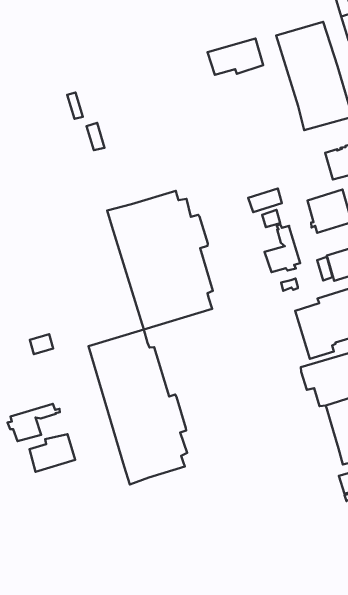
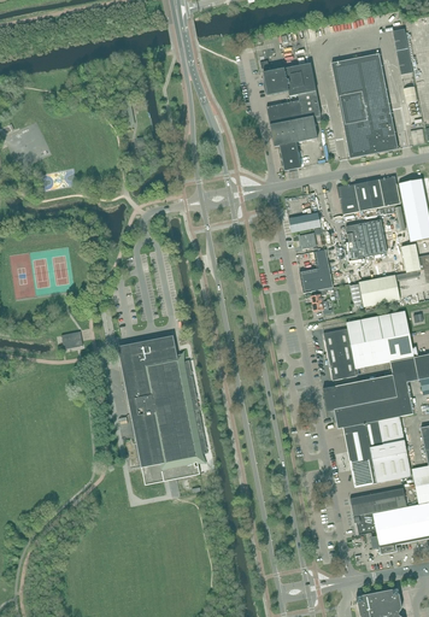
building: none -> [266,90,322,170]
building: none -> [339,181,372,213]
building: [107,191,213,330] -> none
building: [8,404,60,441] -> none
building: [29,434,75,472] -> none

